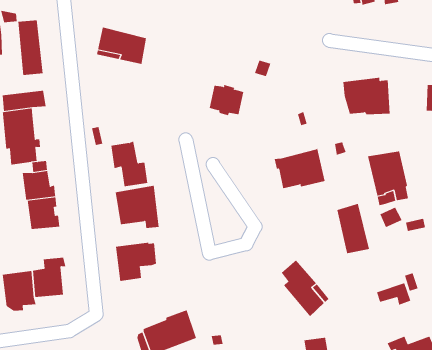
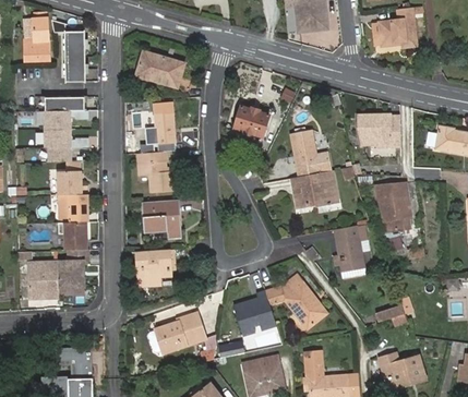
building: none -> [153,101,176,153]
building: none -> [289,133,328,180]
building: none -> [57,225,87,253]
building: none -> [236,290,278,334]

